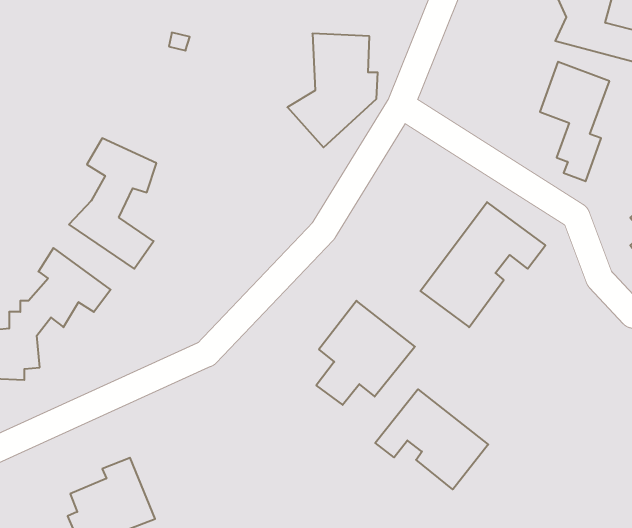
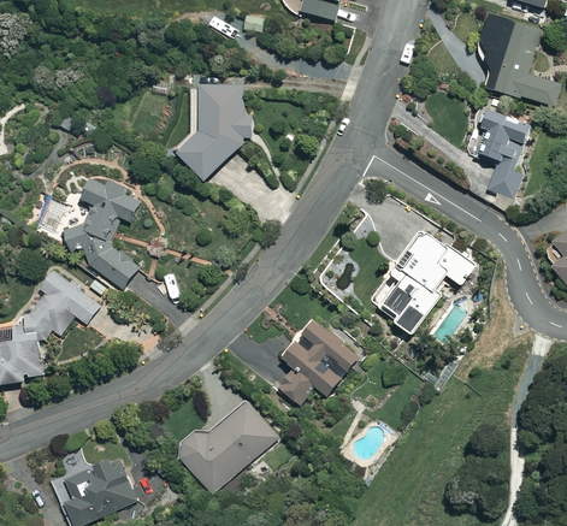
building: [287,34,378,147] -> [172,81,250,179]
building: [375,389,488,489] -> none
building: none -> [177,401,279,495]

